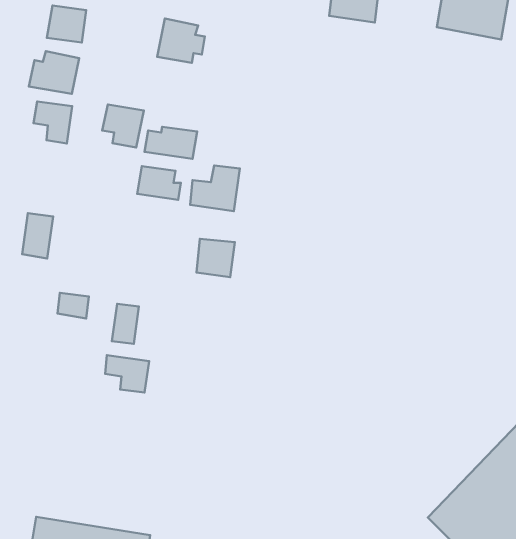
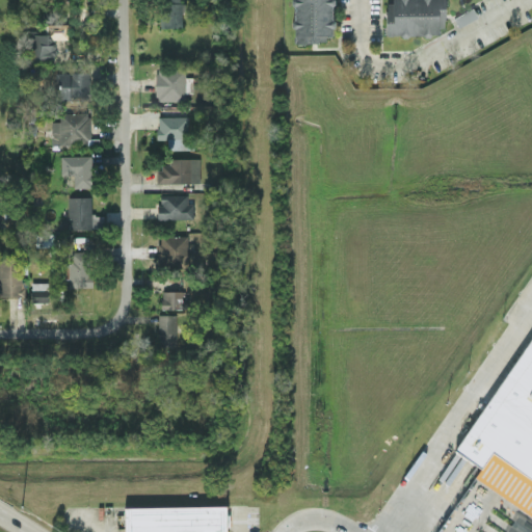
building: [102,104,144,147] -> [158,117,190,150]
building: none -> [69,197,104,231]
building: [190,166,240,211] -> none
building: [196,239,235,277] -> [158,236,189,267]
building: [58,293,89,318] -> [162,291,188,310]
building: [105,355,149,392] -> none

